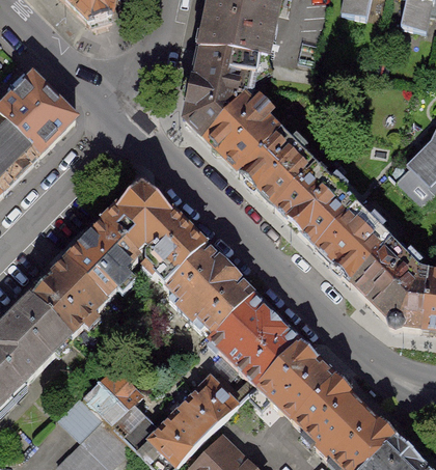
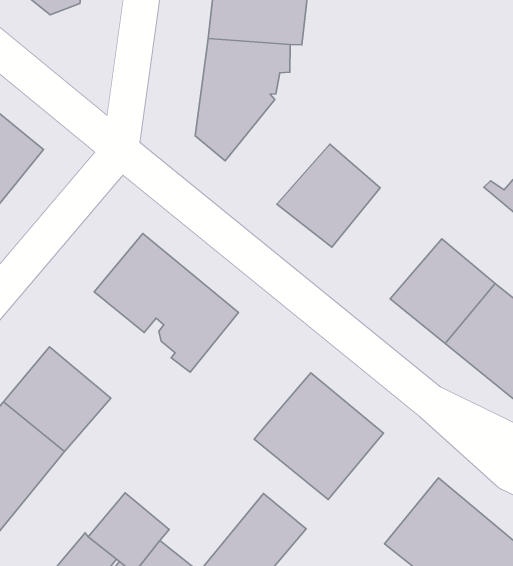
building: [205,95,280,170] -> none
building: [275,165,354,245] -> none
building: [67,221,139,298] -> none
building: [166,245,252,331] -> none
building: [256,340,336,419] -> none

